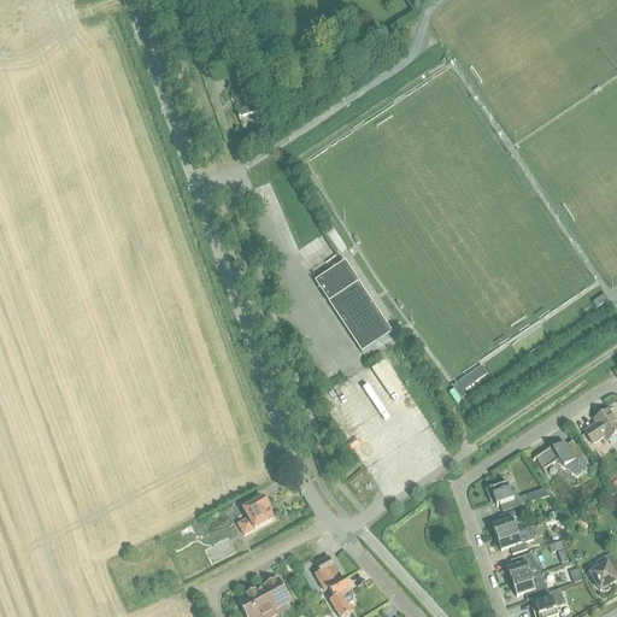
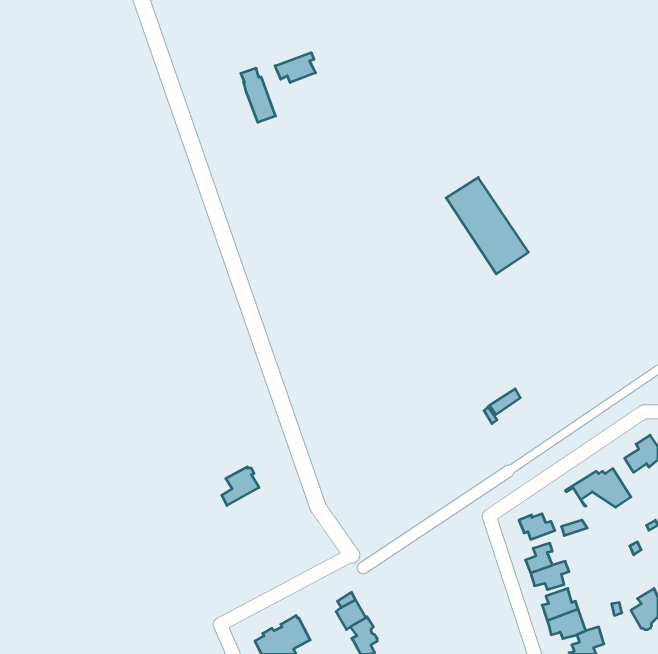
building: none -> [275,53,316,83]
building: [315,259,392,349] -> [446,177,528,274]
building: [239,496,274,533] -> [222,467,259,506]

